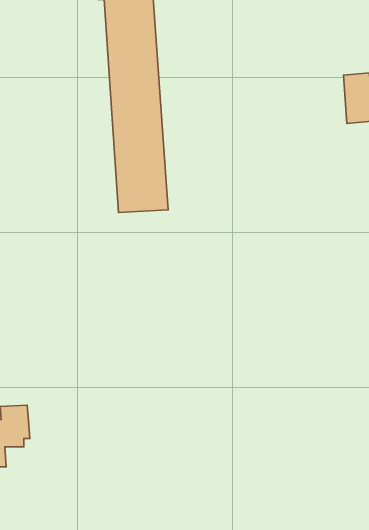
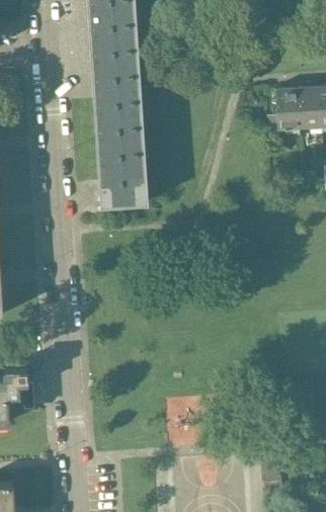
building: none -> [267,88,301,131]

